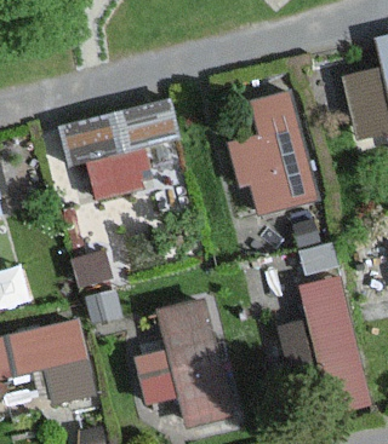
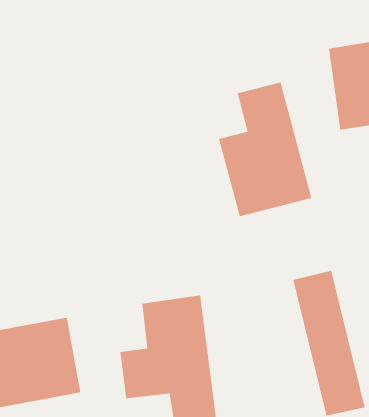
building: [57,102,187,208] -> none

